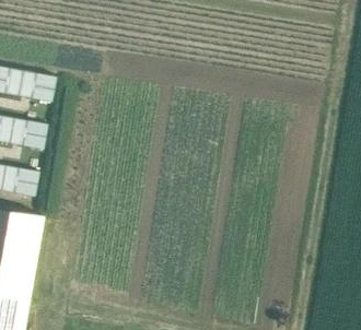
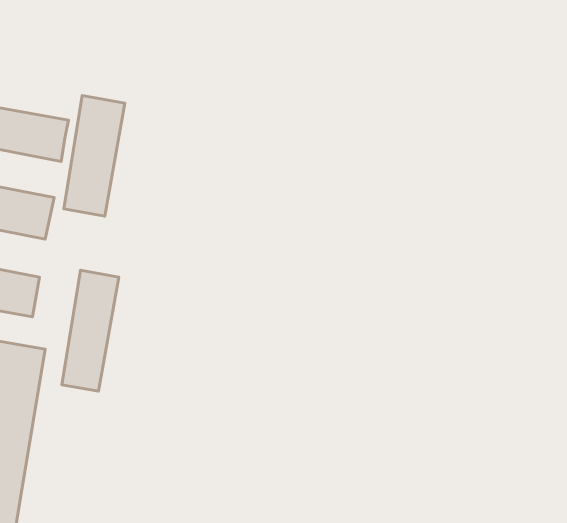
building: none -> [64,96,125,216]
building: none -> [62,270,119,391]

